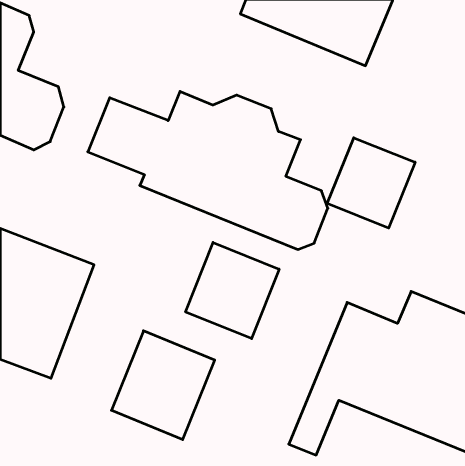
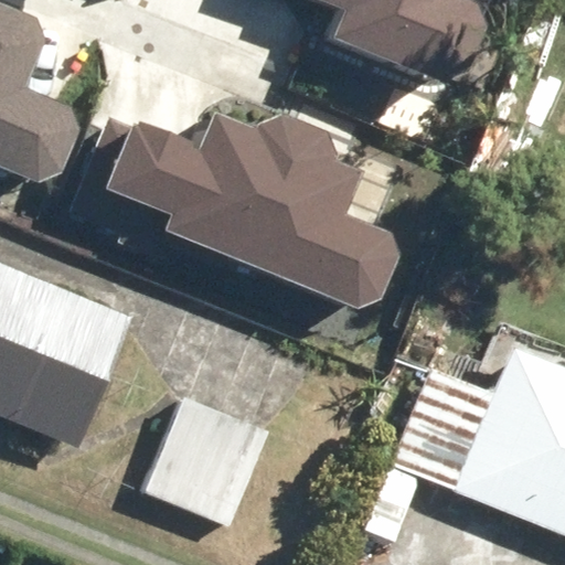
building: [327,138,415,228] -> none
building: [186,242,279,339] -> none

